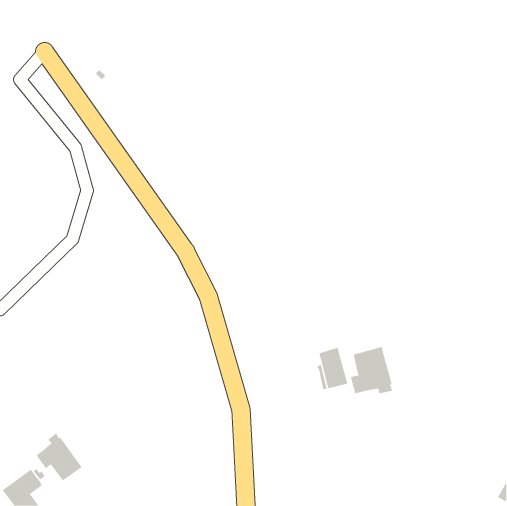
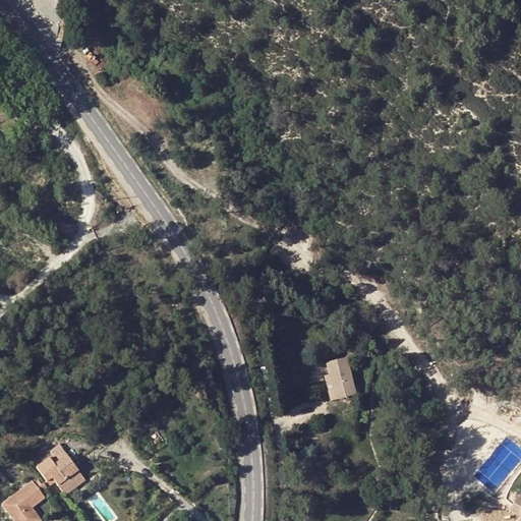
building: [350,346,393,394] -> none

